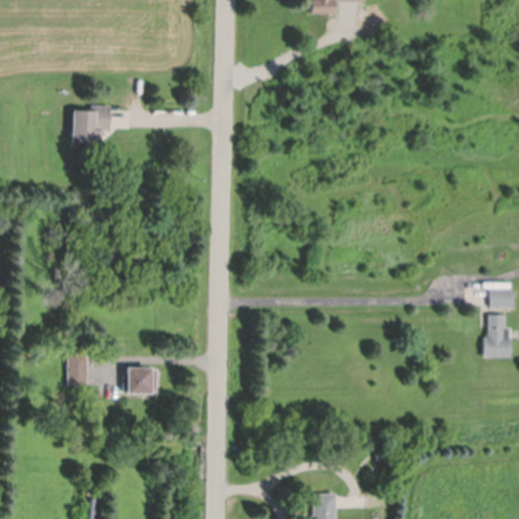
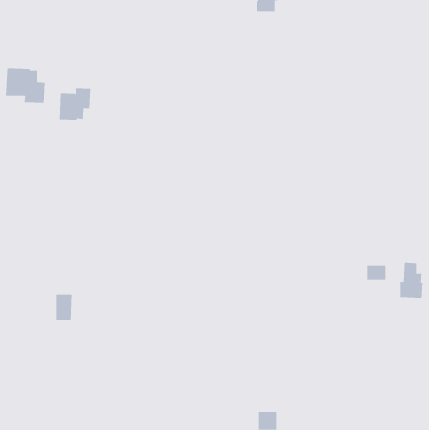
building: none -> [6,67,45,103]
building: [489,290,512,308] -> [367,265,386,280]
building: [127,370,157,396] -> none

